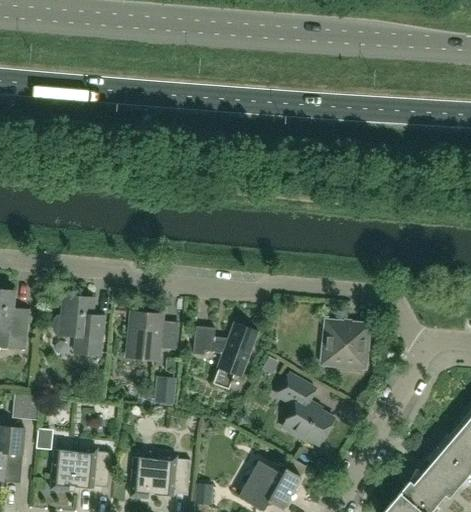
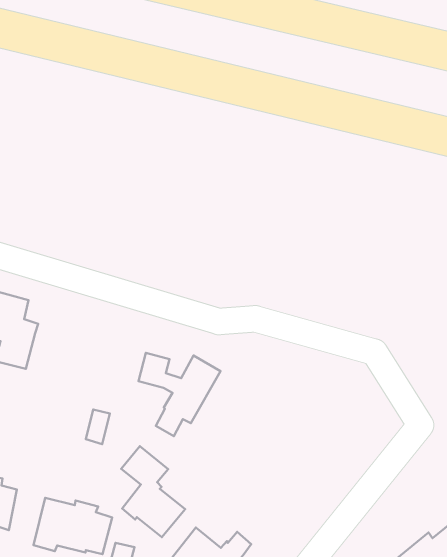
building: [128,312,179,355] -> none
building: [323,323,367,366] -> none
building: [277,374,334,445] -> [121,446,185,537]

